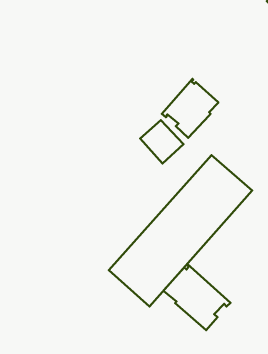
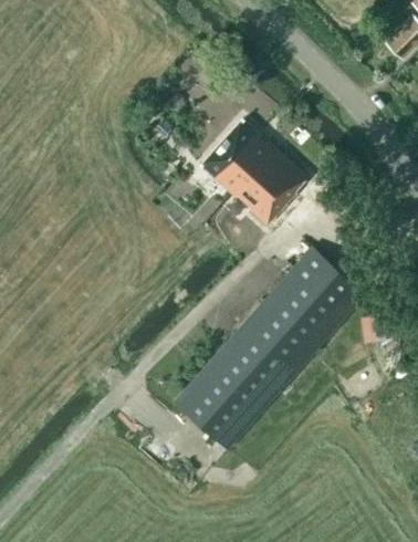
building: none -> [210,119,281,192]
building: [164,264,230,330] -> none

